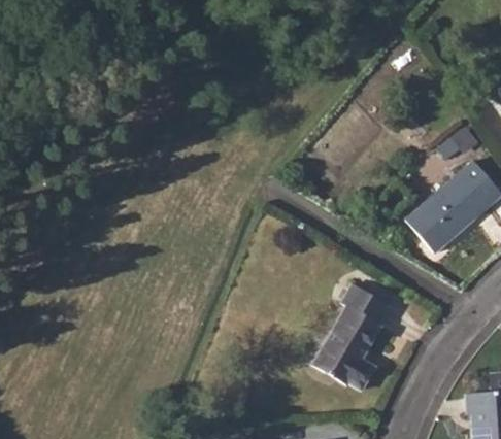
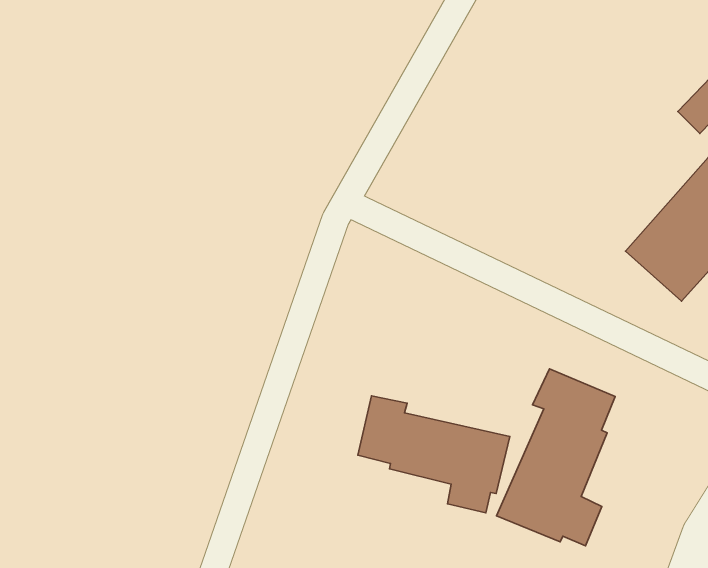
building: none -> [358,396,510,513]

